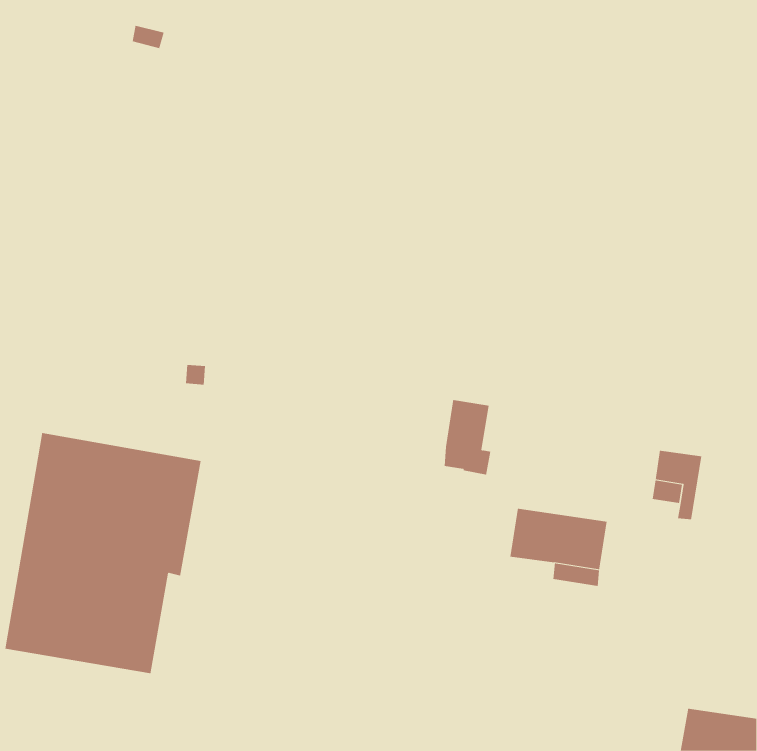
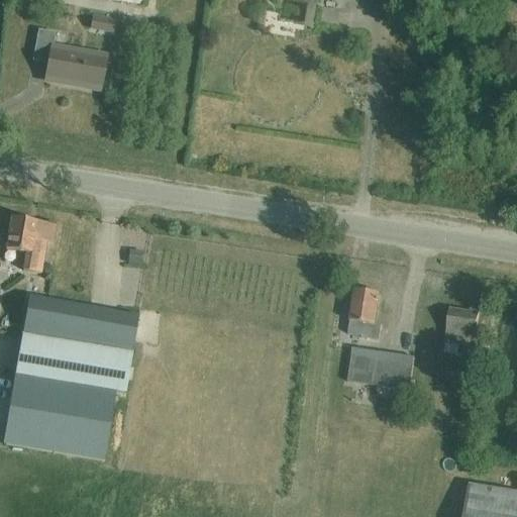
building: none -> [32,27,107,87]
building: none -> [5,215,56,272]
building: [444,400,491,475] -> [348,287,381,338]

